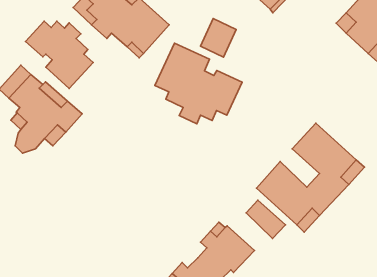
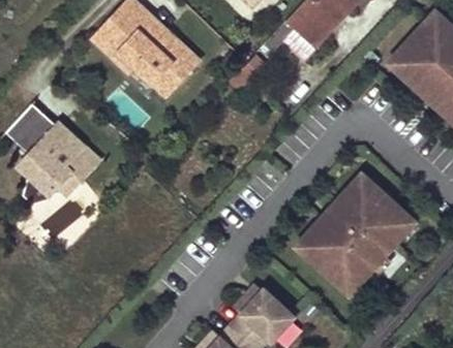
building: [26,21,93,89] -> none
building: [155,43,242,124] -> none
building: [246,200,285,239] -> [324,200,368,244]

